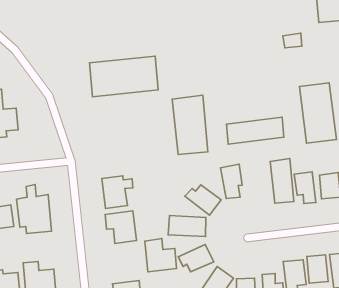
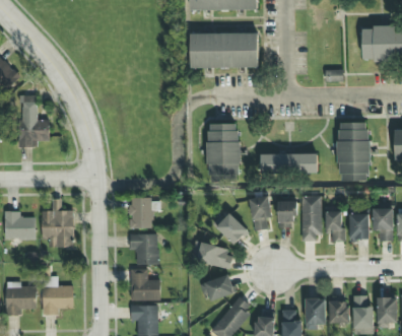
building: [89,56,158,97] -> [191,32,258,68]
building: none -> [277,200,295,227]
building: [145,239,176,272] -> [130,268,159,300]

